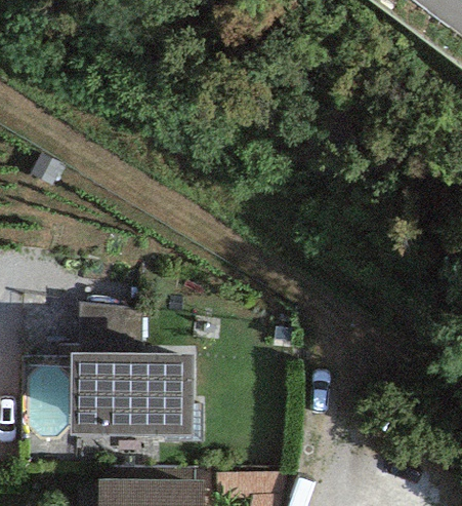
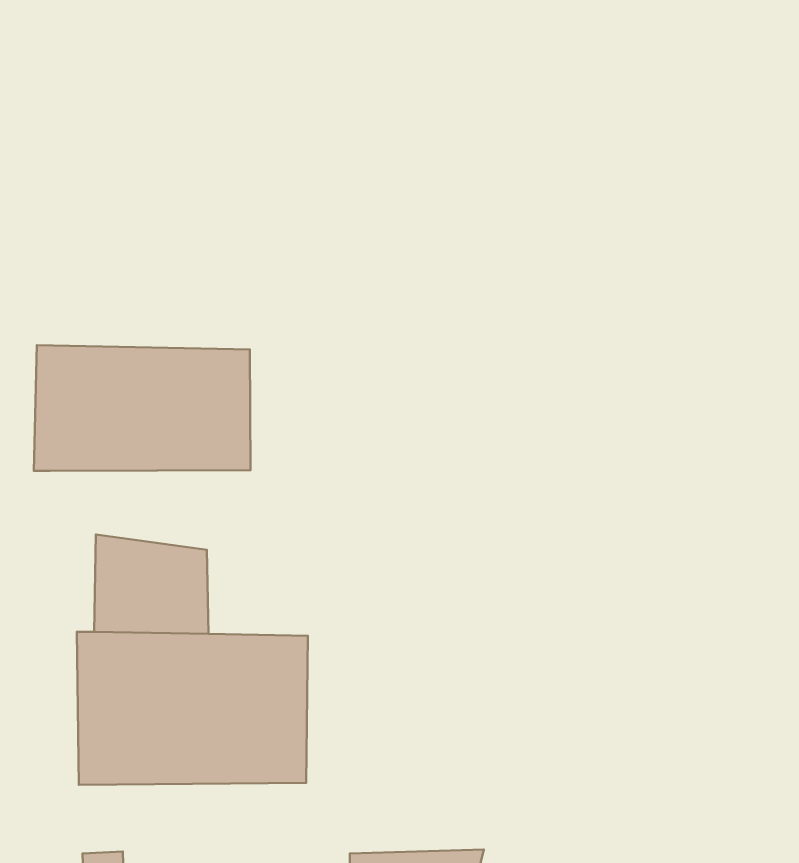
building: none -> [34,345,250,471]

